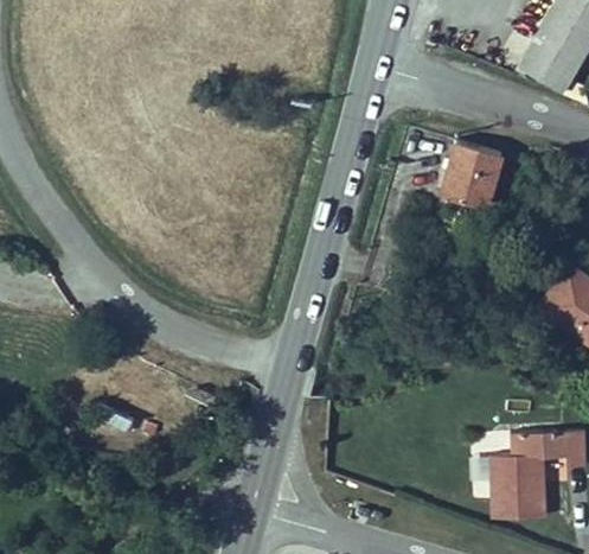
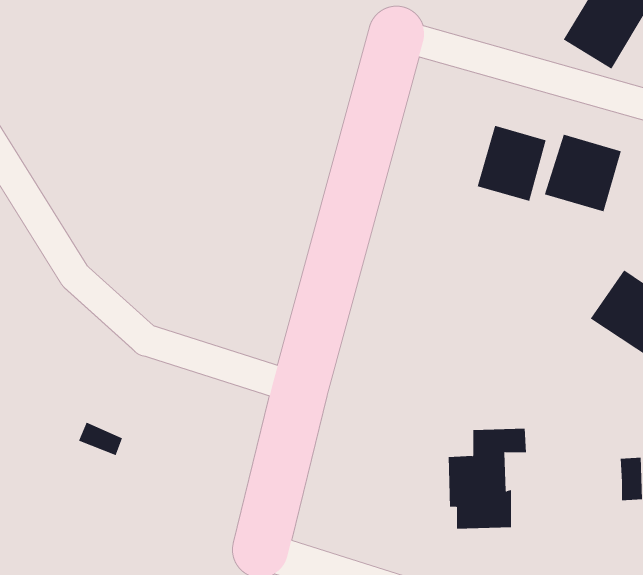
building: none -> [544,134,622,212]
building: [491,432,559,520] -> [448,428,527,529]

